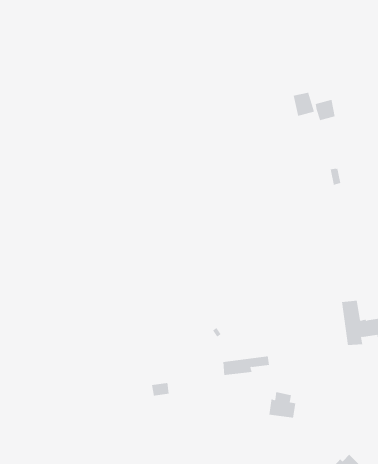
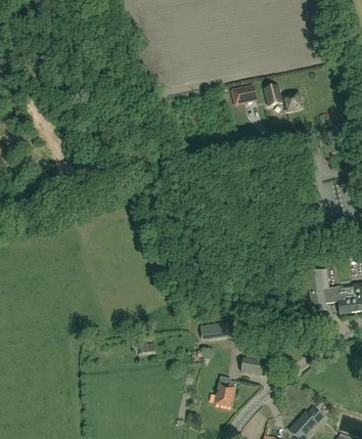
building: none -> [230,84,257,105]
building: none -> [215,376,236,406]

